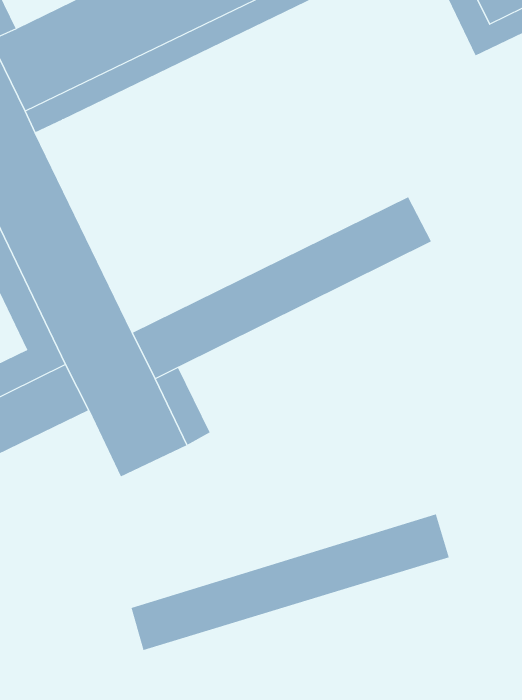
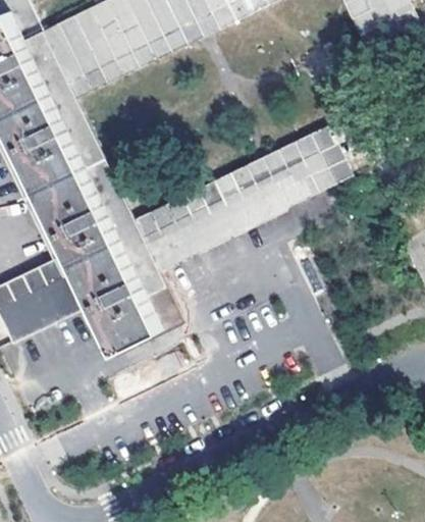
building: none -> [54,97,351,247]
building: [131,513,450,651] -> none

